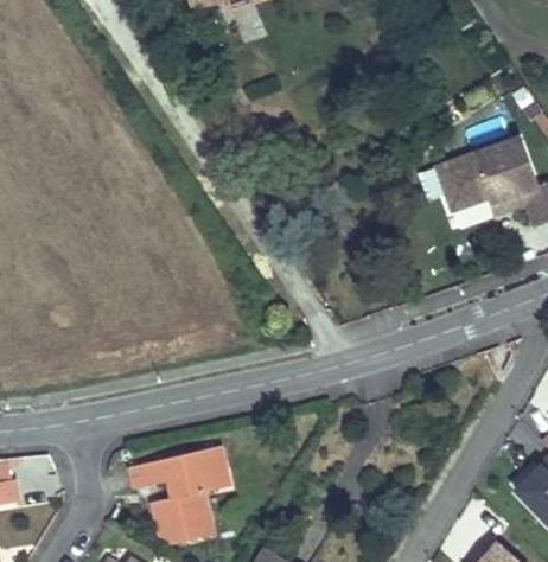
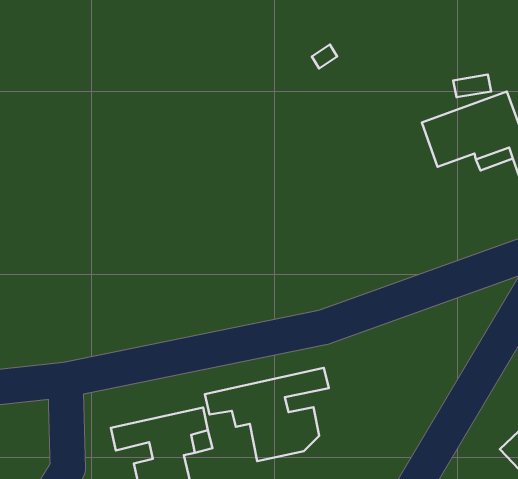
building: none -> [205,368,329,461]

